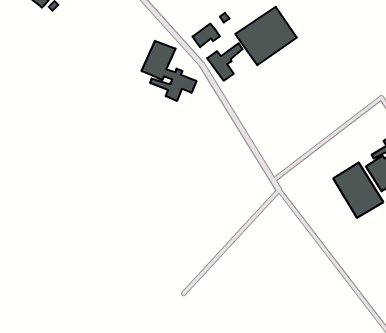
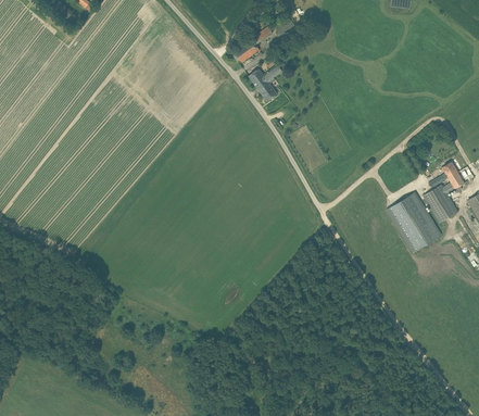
building: [235,7,297,65] -> none
building: [142,41,196,101] -> none

